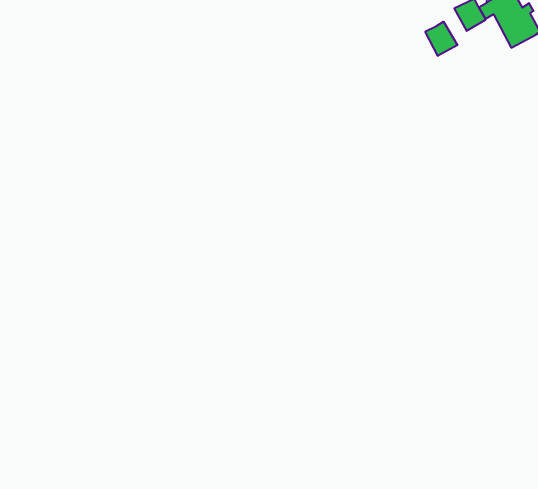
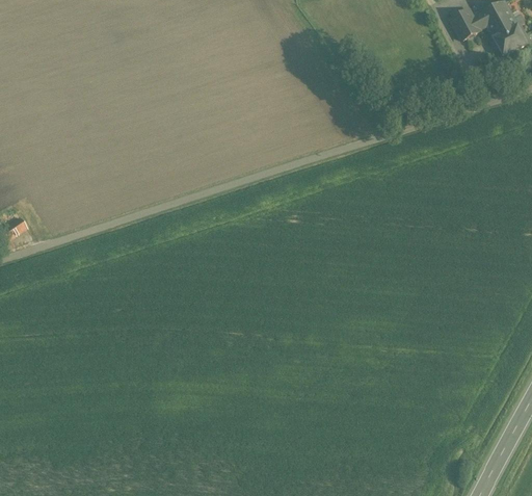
building: [425,22,457,56] -> none

